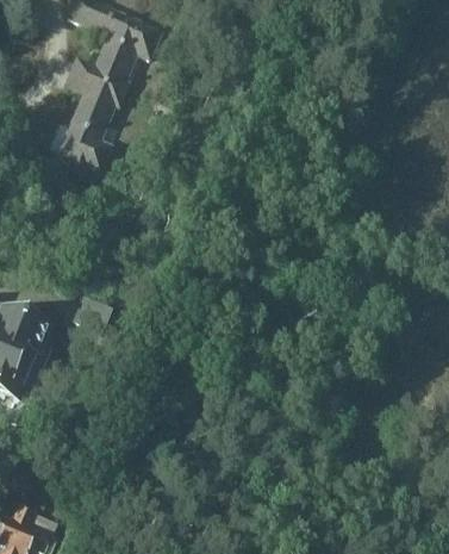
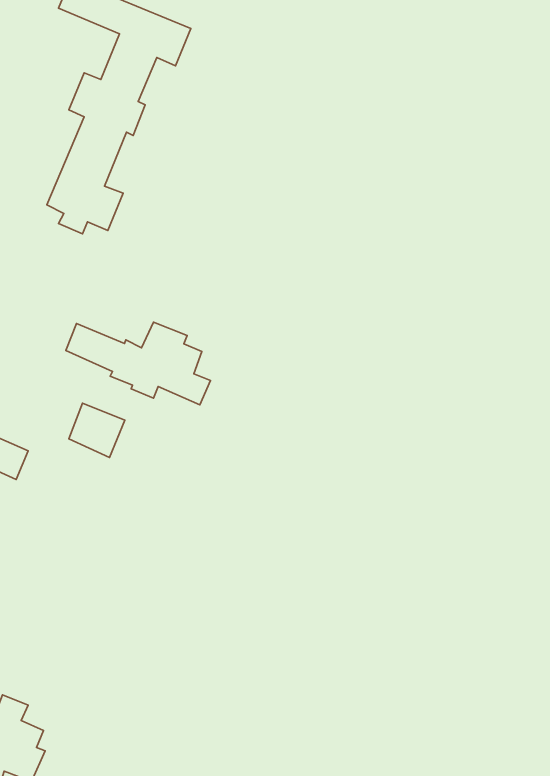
building: none -> [66,322,211,405]

